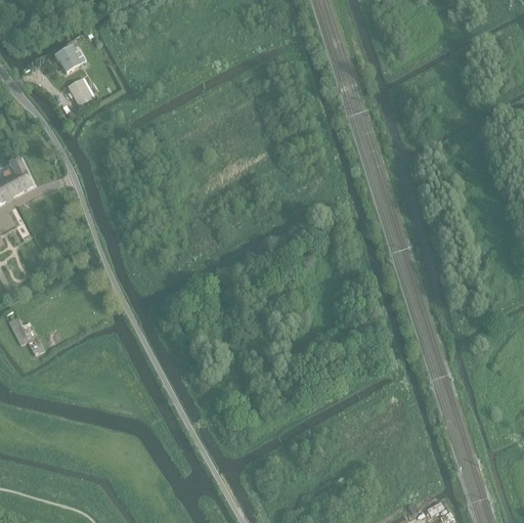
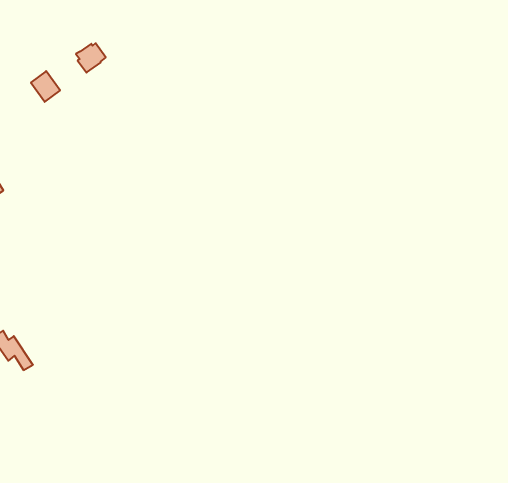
building: [56,45,84,72] -> [76,43,106,73]

